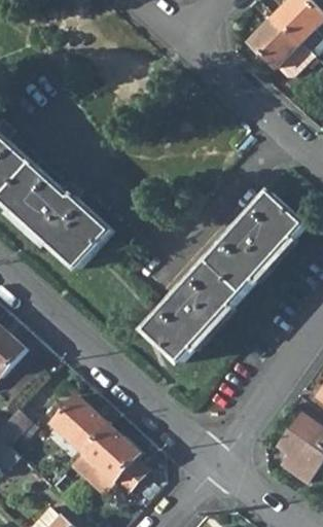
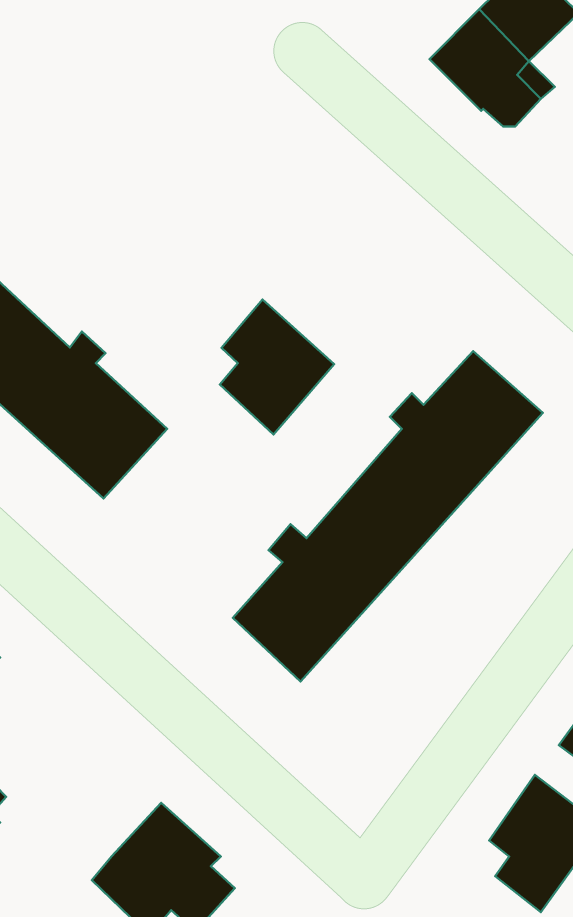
building: none -> [220,299,334,435]
building: [50,396,108,454] -> none

